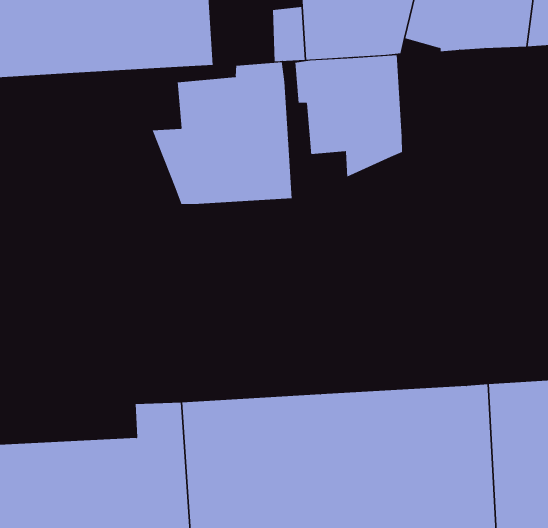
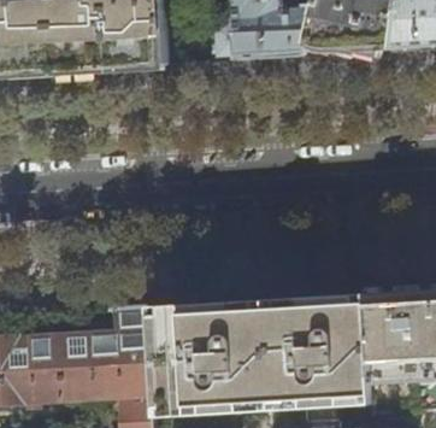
building: [295,55,403,177] -> none
building: [152,61,292,205] -> none

